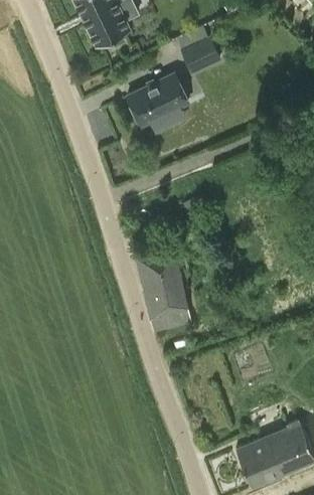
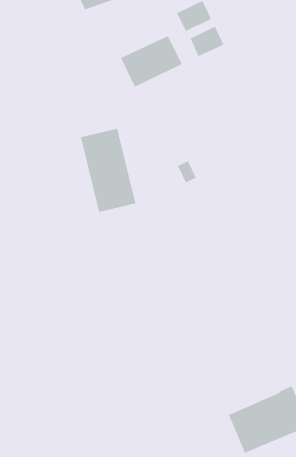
building: none -> [190,26,224,57]
building: [136,249,191,332] -> [80,128,136,213]

